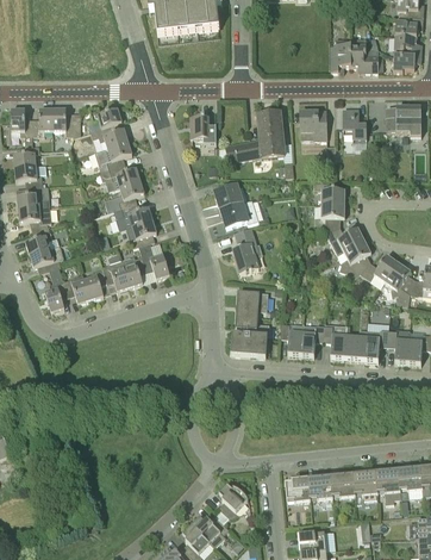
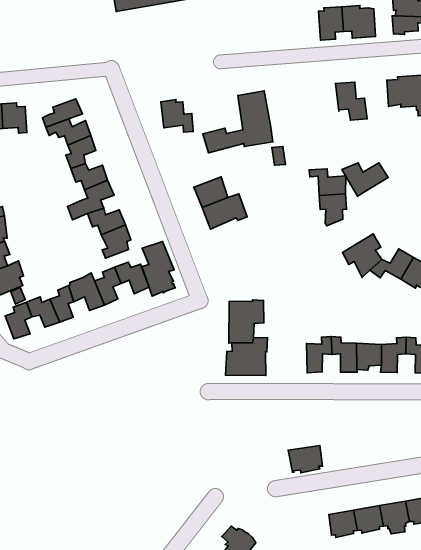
building: [299,110,326,139] -> none
building: [325,225,364,254] -> [342,163,388,196]
building: [231,226,258,273] -> [142,241,175,296]
building: [274,322,301,355] -> none
building: [283,478,312,500] -> [288,445,322,473]

